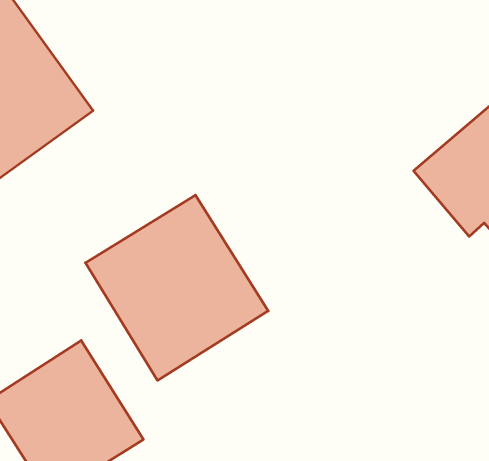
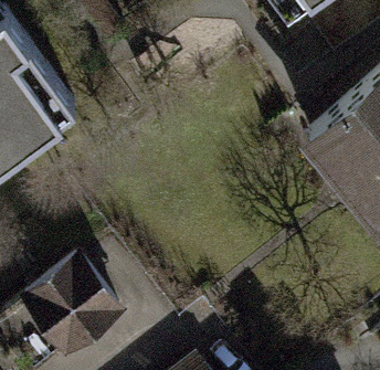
building: [85,195,268,380] -> none

